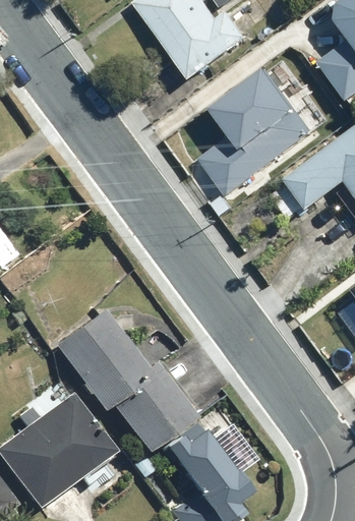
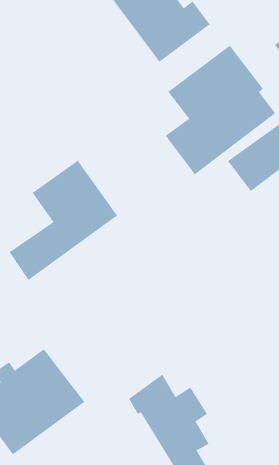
building: none -> [9,160,118,281]
building: [56,310,194,450] -> none

